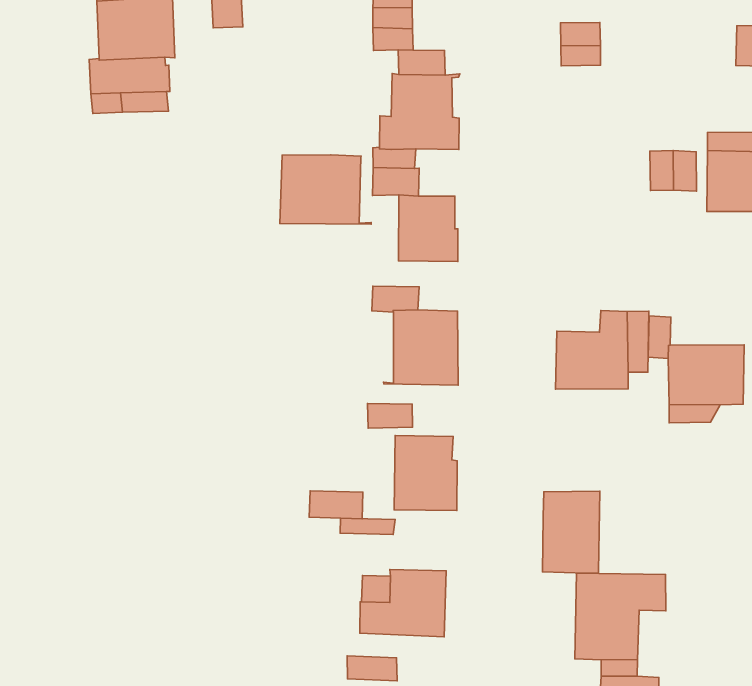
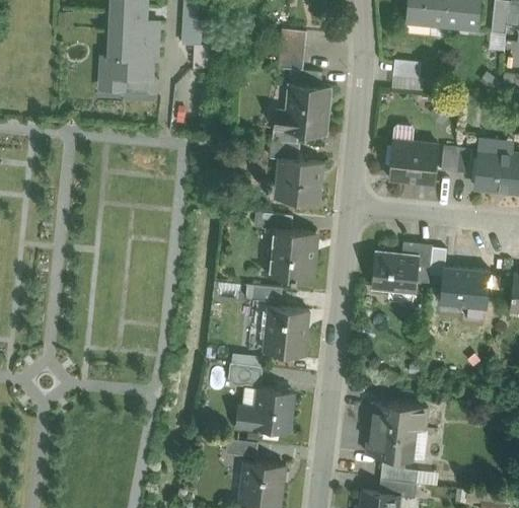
building: none -> [388,126,439,184]
building: [280,155,371,224] -> none
building: [309,491,363,519] -> [228,364,263,384]
building: [543,491,600,573] -> none

